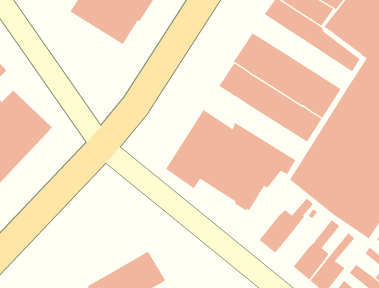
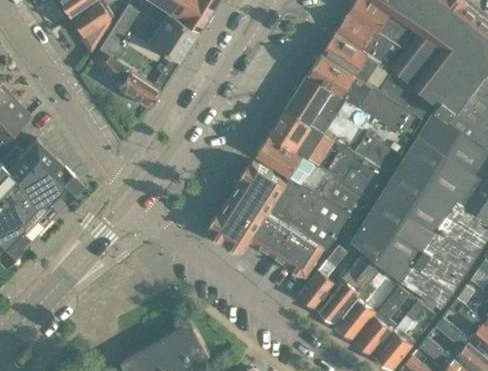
building: none -> [94,51,161,109]
building: none -> [307,54,420,139]
building: none -> [255,136,370,220]
building: none -> [296,247,345,310]
building: none -> [333,284,375,341]

